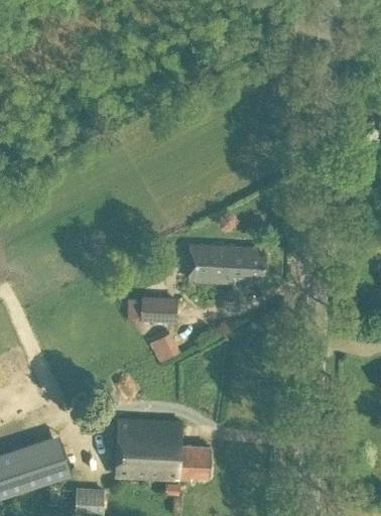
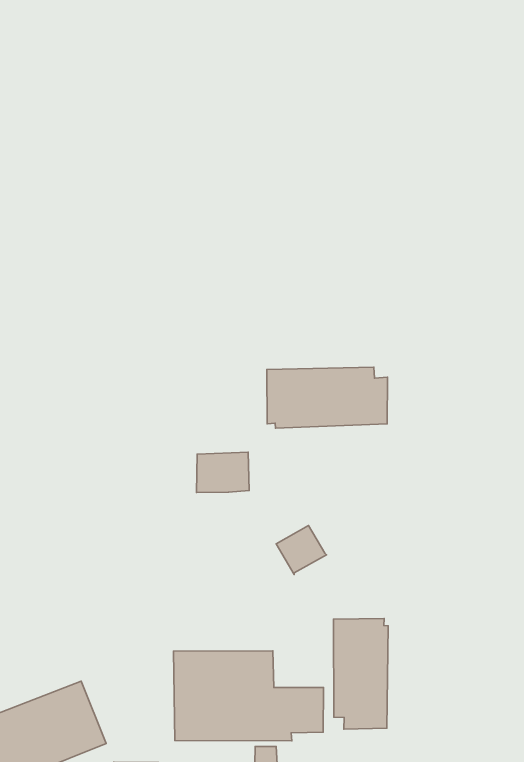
building: [149,333,180,363] -> [276,525,327,574]
building: none -> [334,618,388,729]

